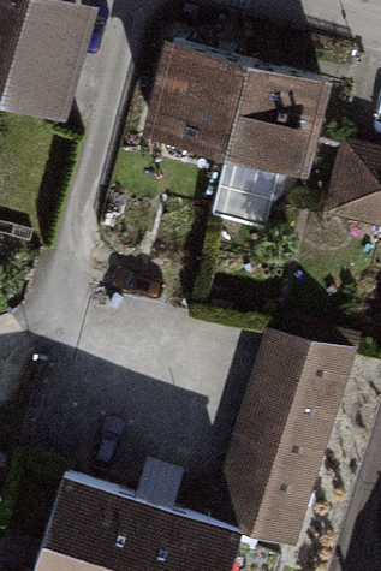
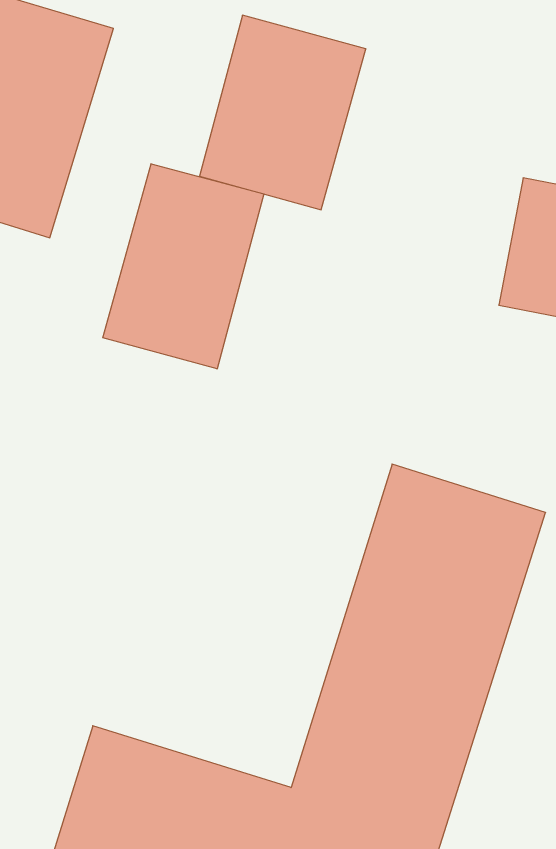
building: [216,54,323,178] -> none
building: none -> [103,164,264,369]

